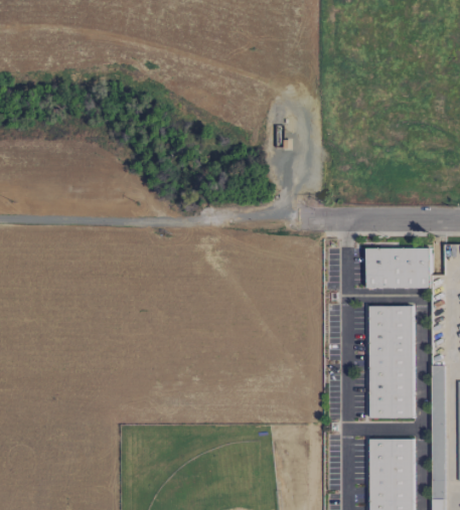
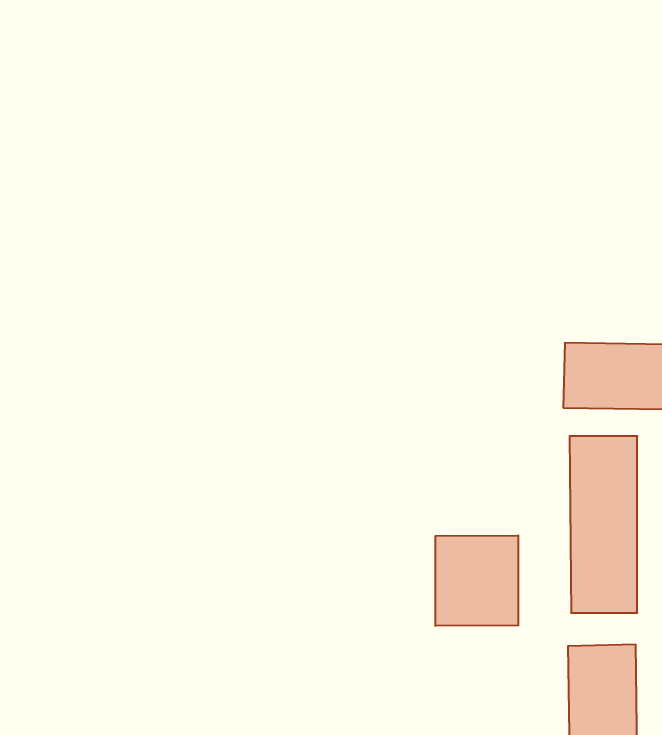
building: none -> [435,535,518,626]

